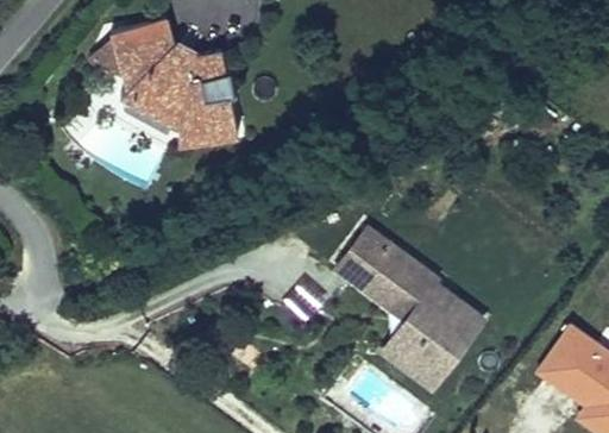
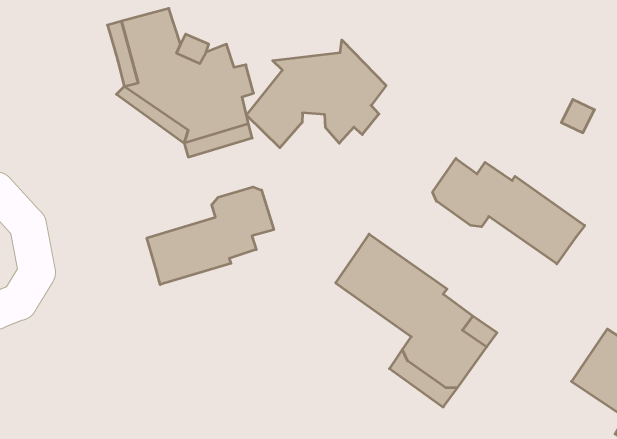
building: none -> [246,40,386,148]
building: none -> [433,158,585,264]
building: none -> [147,187,274,285]

